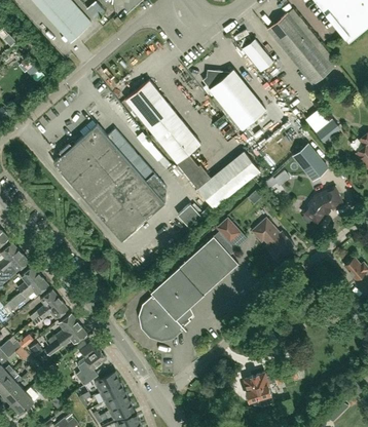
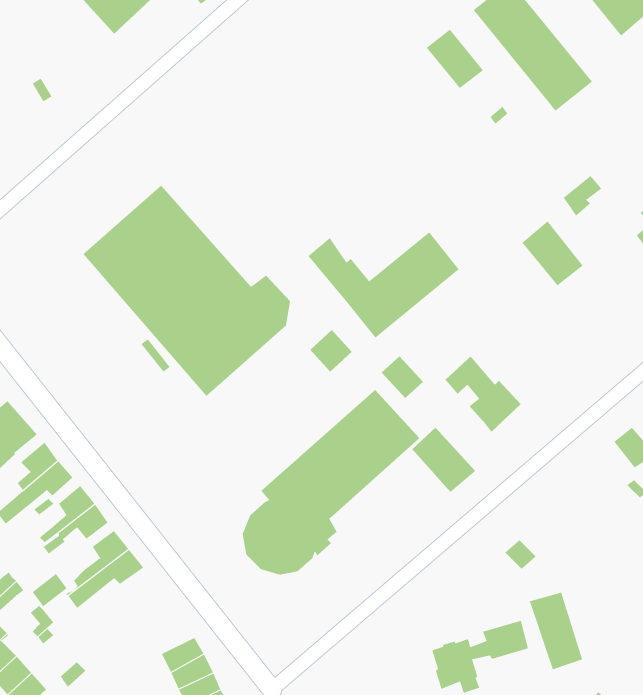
building: [203,70,265,129] -> none
building: [125,81,201,164] -> none
building: [303,188,341,224] -> none
building: none -> [412,427,476,493]
building: [76,343,106,386] -> none
building: none -> [529,592,583,670]

